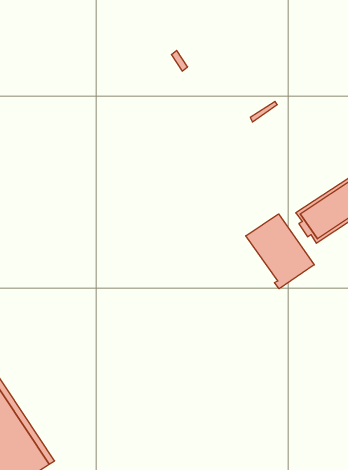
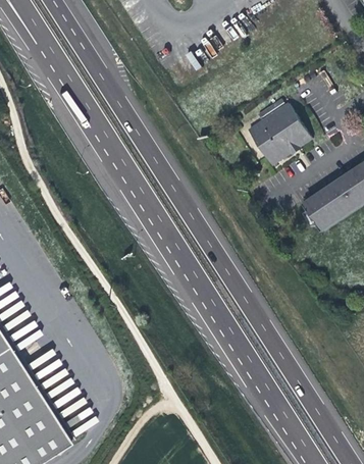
building: none -> [248,104,312,167]
building: [246,214,314,289] -> none

